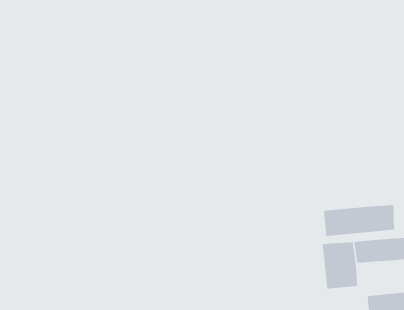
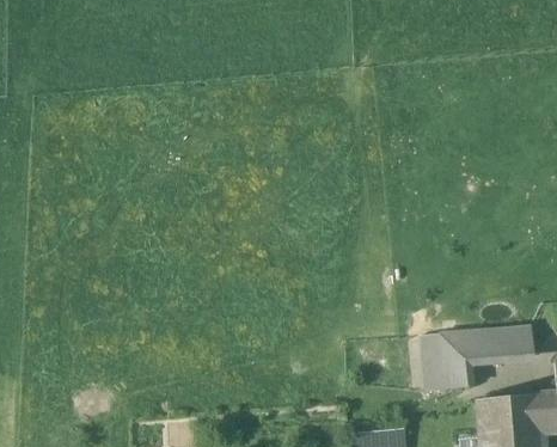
building: [324,204,395,237] -> none

